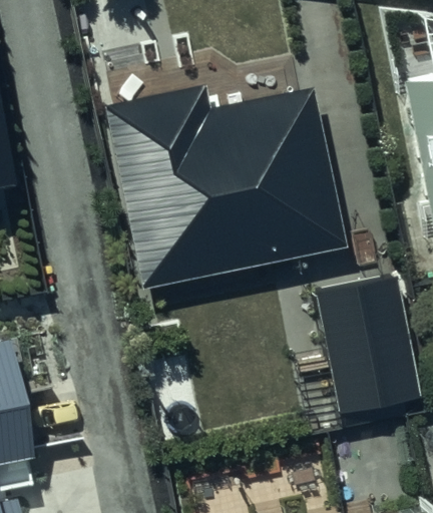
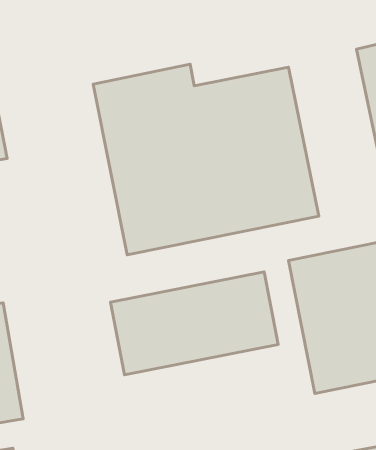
building: none -> [110,272,278,375]

